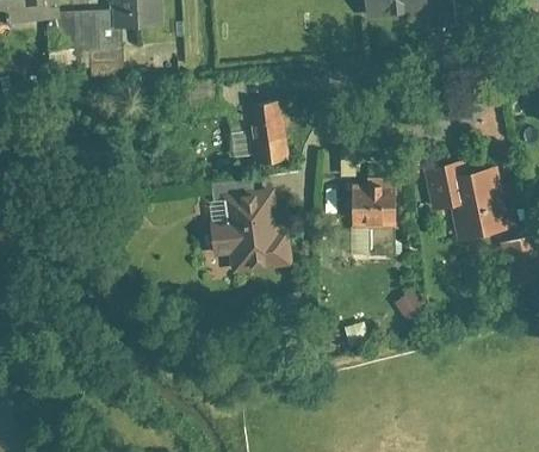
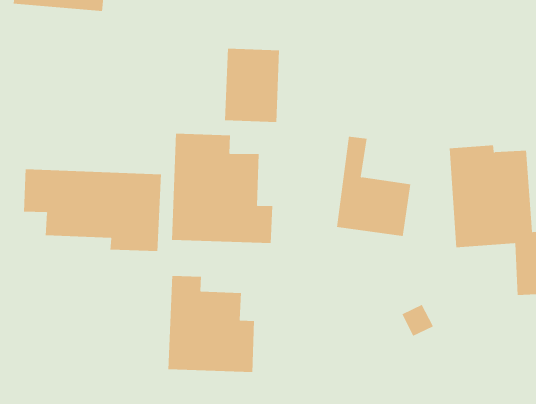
building: none -> [24,169,161,252]
building: none -> [168,275,255,373]

